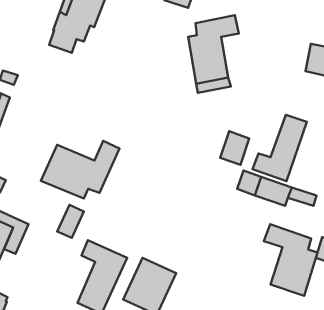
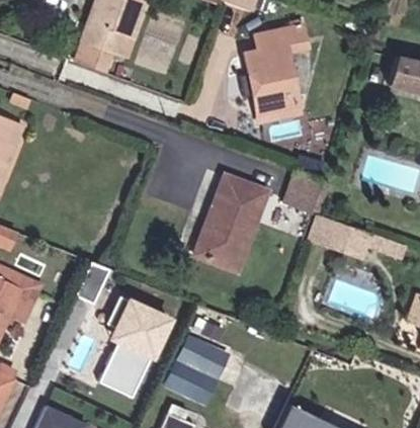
building: [253,115,307,181] -> none
building: none -> [197,173,275,265]
building: [41,141,120,199] -> none
building: [264,224,317,296] -> none

